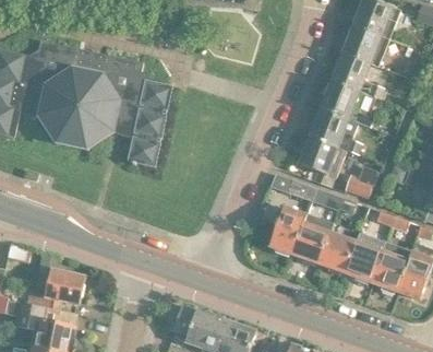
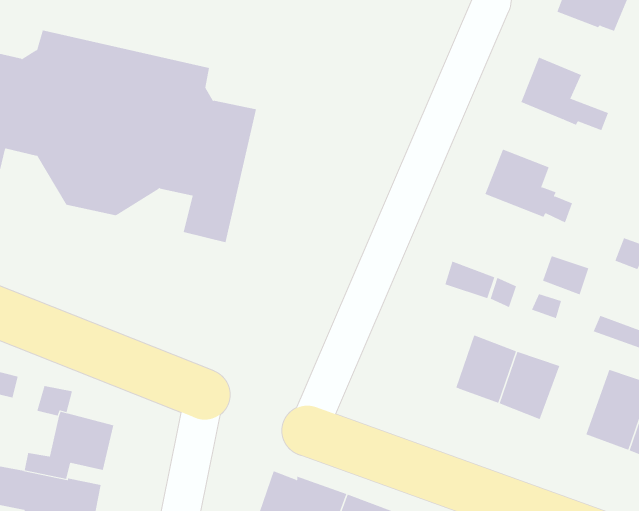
building: [341,26,387,68] -> none
building: [320,81,372,127] -> none
building: [298,137,345,179] -> none
building: [267,207,305,254] -> none
building: [342,233,384,282] -> none

